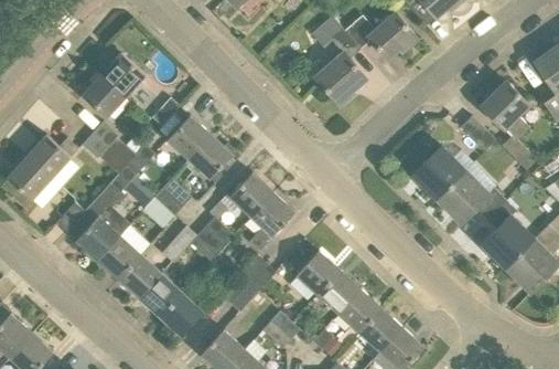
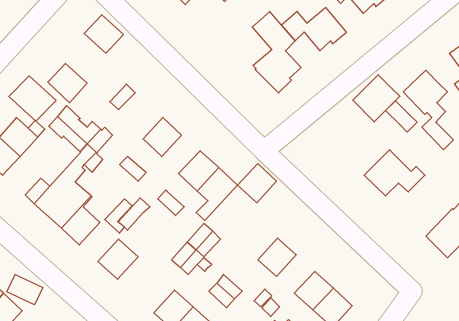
building: [101,53,146,96] -> [84,15,123,53]
building: none -> [9,76,56,121]
building: [168,115,211,159] -> none
building: [412,147,465,200] -> [353,75,400,122]
building: [142,188,183,229] -> none
building: [481,200,536,268] -> none
building: [189,226,225,262] -> none
building: [295,251,340,295] -> [237,164,277,203]
building: [117,253,161,297] -> none
building: [338,289,381,333] -> none
building: [160,292,204,337] -> none
building: none -> [7,274,43,305]

